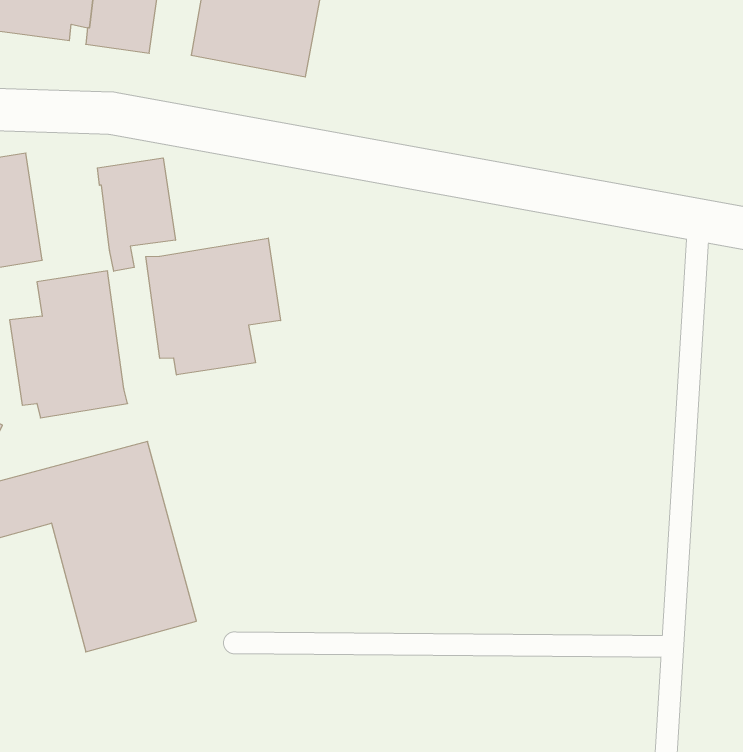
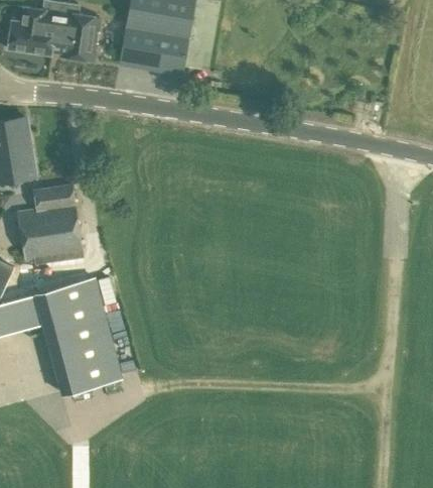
building: [97,158,175,271] -> none
building: [146,238,281,375] -> none

